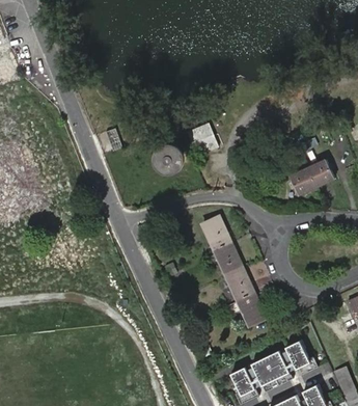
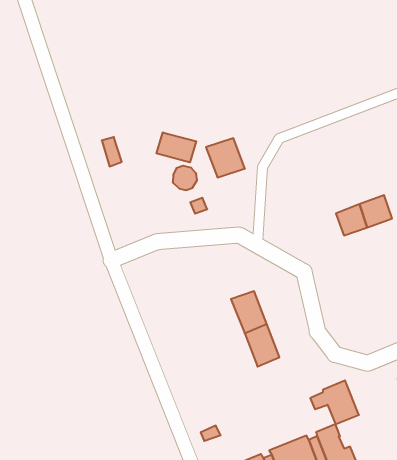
building: none -> [156,132,196,162]
building: [201,215,230,248] -> none
building: [227,291,266,325] -> [310,380,359,424]

